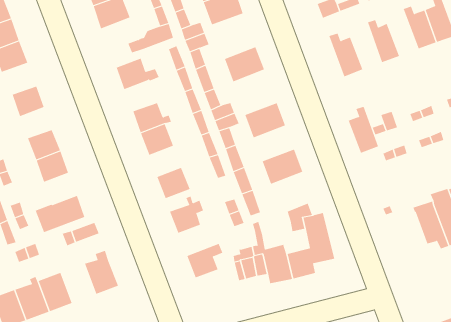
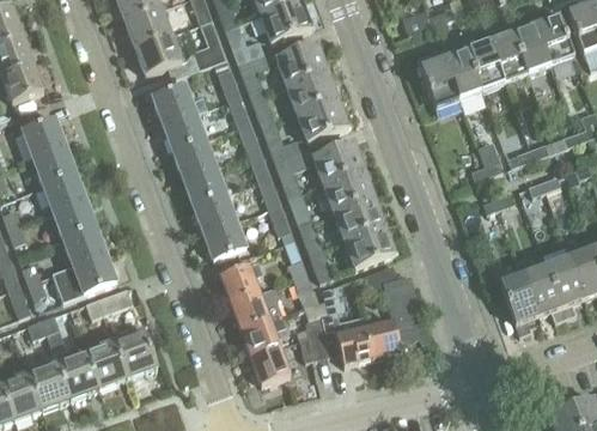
building: none -> [489,23,528,81]
building: none -> [134,32,185,75]
building: none -> [275,41,327,85]
building: none -> [298,98,348,142]
building: none -> [163,111,205,150]
building: [348,106,379,153] -> [444,40,482,98]
building: none -> [33,145,74,183]
building: none -> [323,168,374,212]
building: none -> [194,193,234,231]
building: none -> [345,225,396,268]
building: none -> [63,226,105,266]
building: none -> [500,275,538,334]
building: none -> [230,286,281,329]
building: none -> [85,339,128,388]
building: none -> [251,346,290,384]

